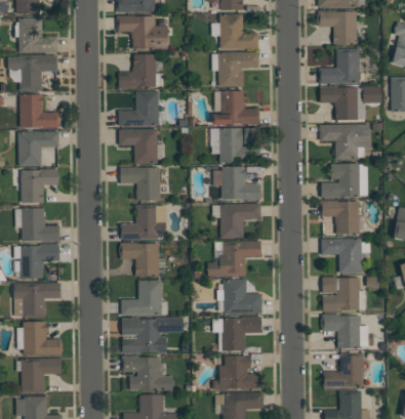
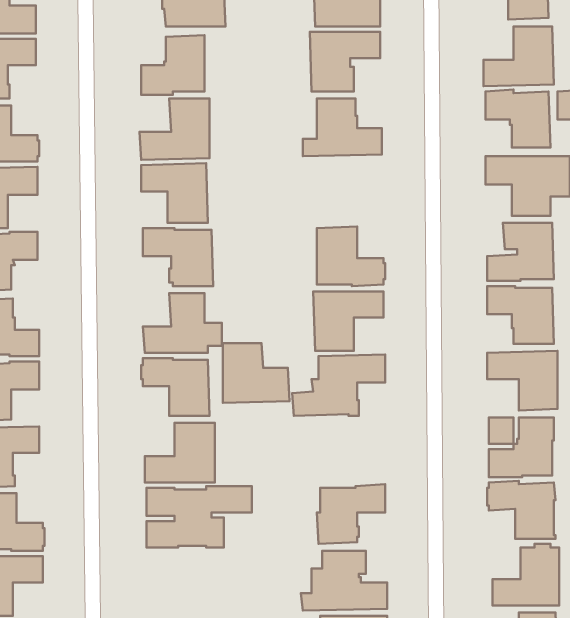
building: [218,128,260,163] -> none
building: [224,280,262,315] -> [223,343,290,403]
building: [122,357,172,390] -> none

